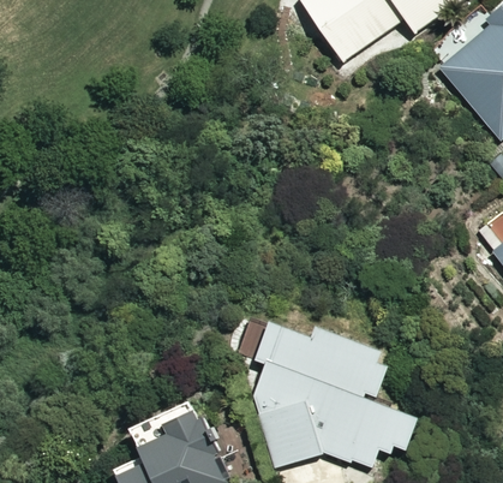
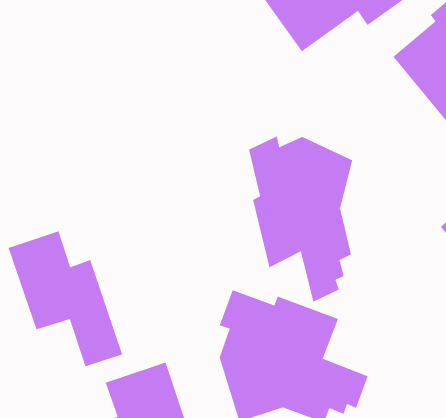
building: none -> [248,136,353,303]
building: none -> [8,230,123,367]

